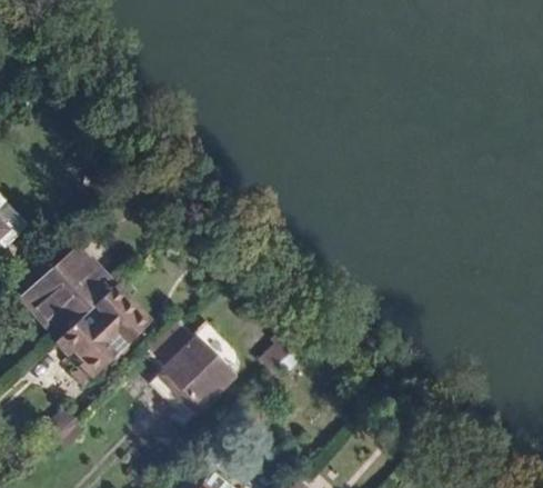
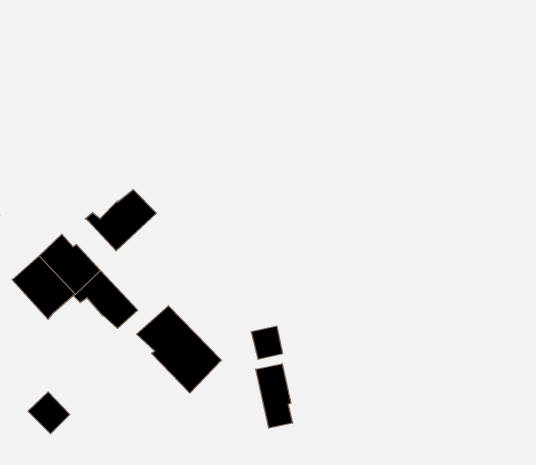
building: none -> [85,190,156,251]
building: [53,310,113,376] -> none
building: none -> [256,364,292,428]

